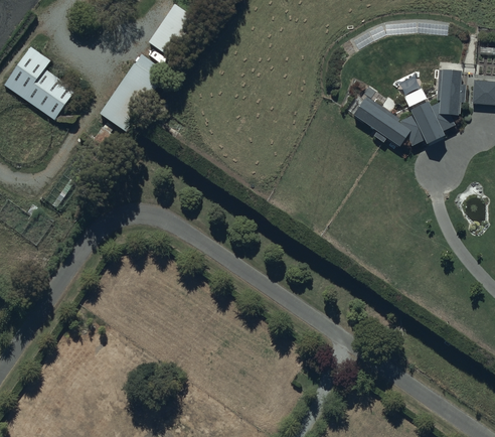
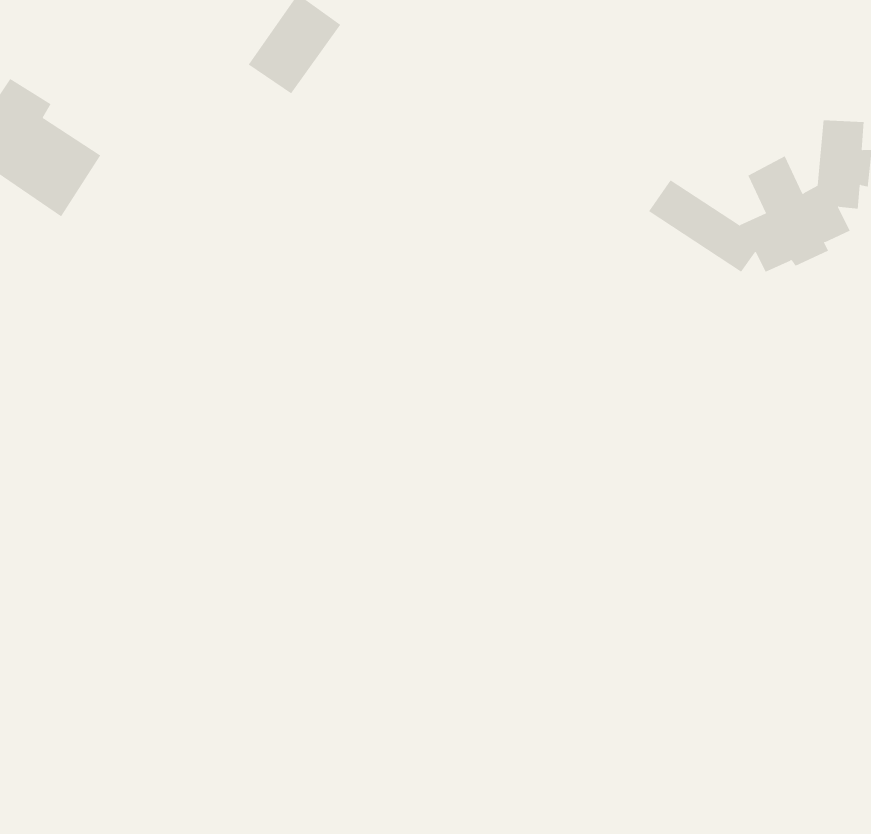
building: [101,56,159,134] -> none

